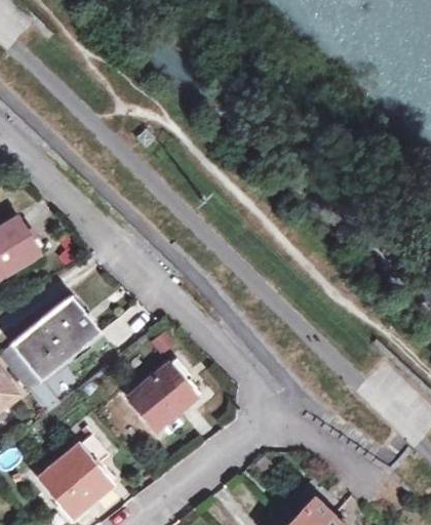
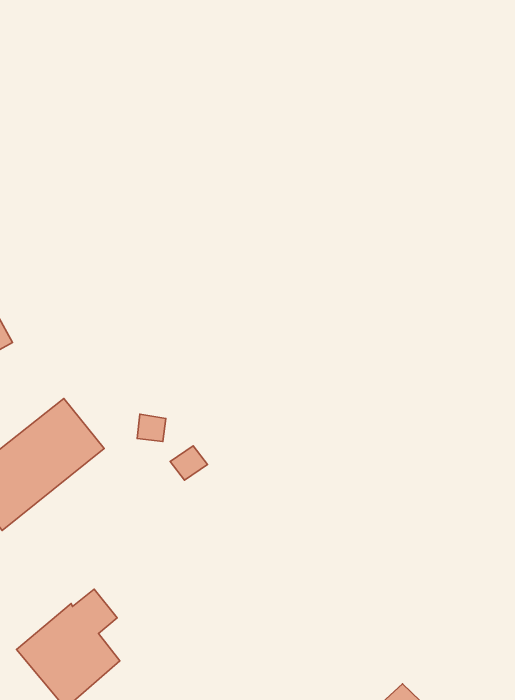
building: [128,358,194,430] -> none

